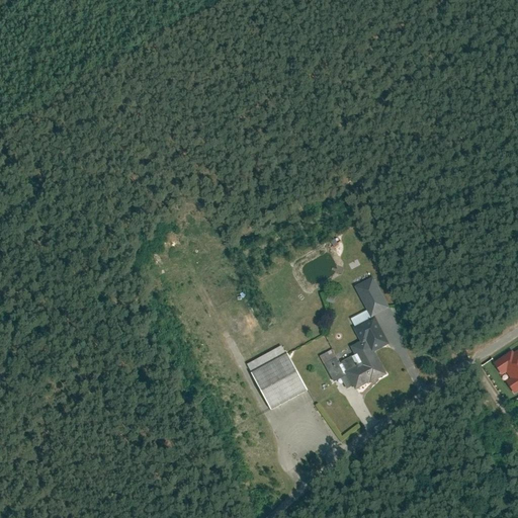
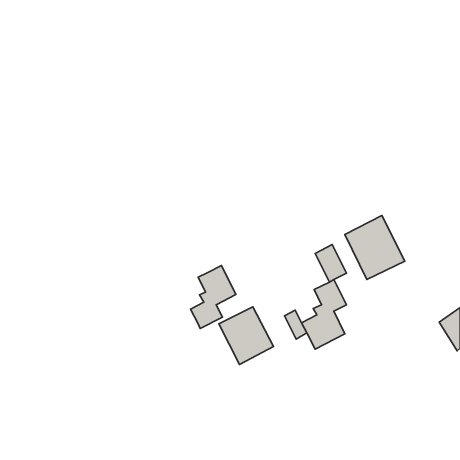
building: none -> [345,216,405,280]
building: none -> [191,266,236,328]

